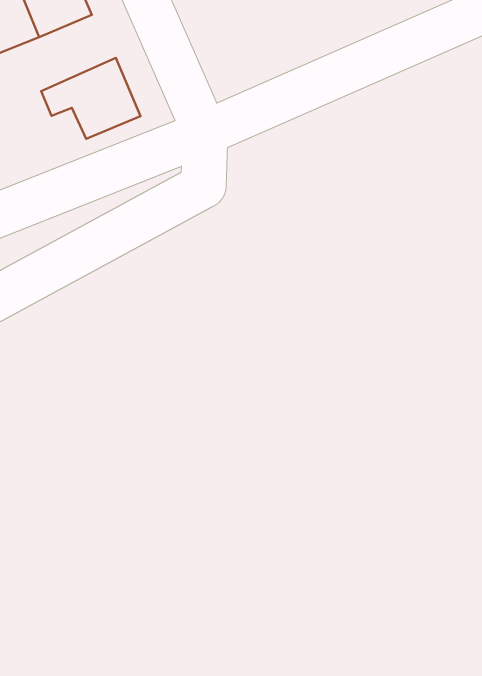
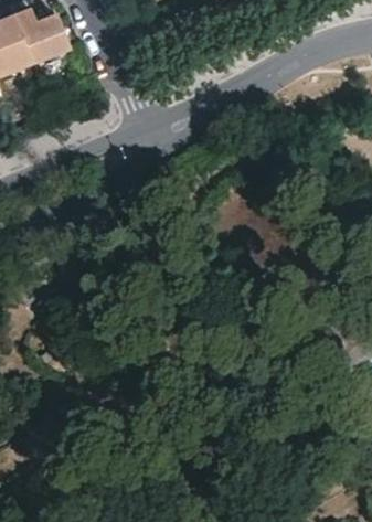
building: [41,58,141,139] -> none

